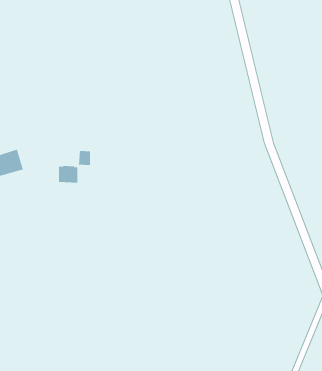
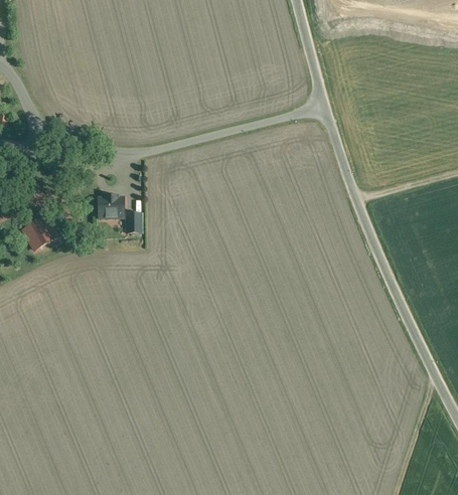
building: [58,165,78,183] -> [97,196,122,217]

